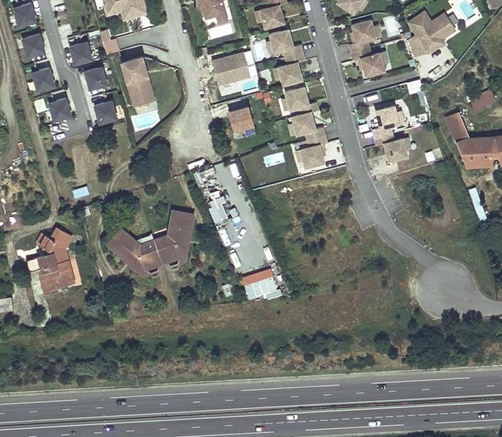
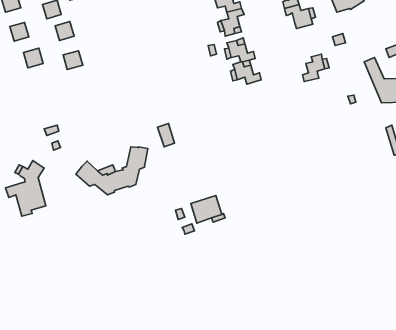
building: [210,51,248,84] -> none
building: [121,58,153,105] -> none
building: [228,108,253,132] -> none
building: [375,134,408,159] -> none
building: [301,136,327,169] -> none
building: [125,238,189,278] -> none

